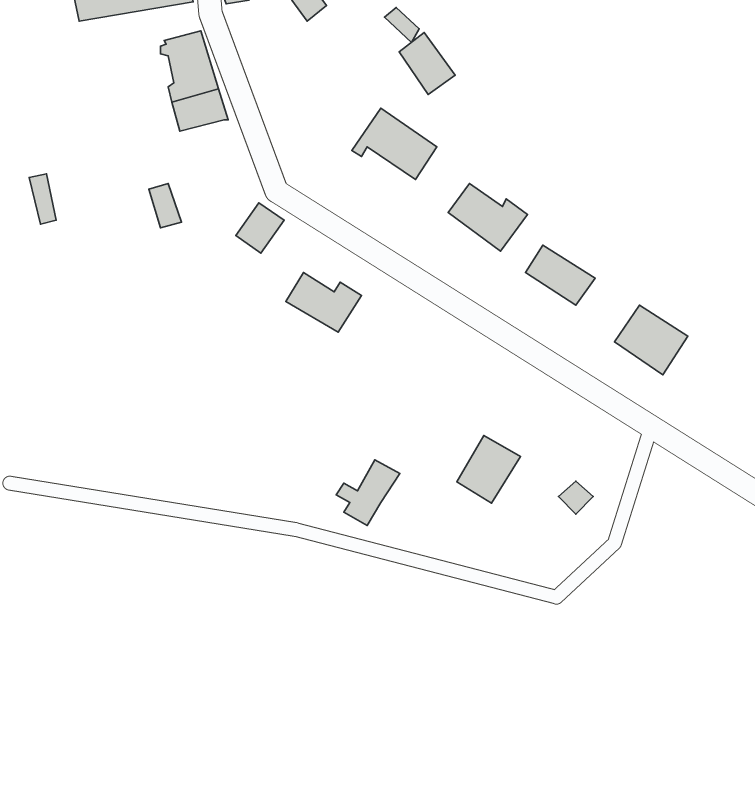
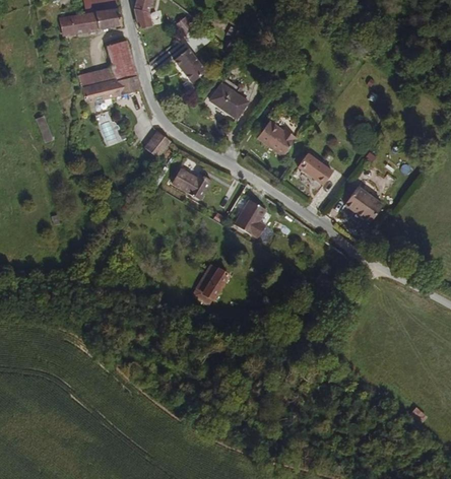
building: [399,33,455,94] -> [175,49,204,81]
building: none -> [80,78,115,101]
building: [457,435,521,503] -> [235,200,268,235]

